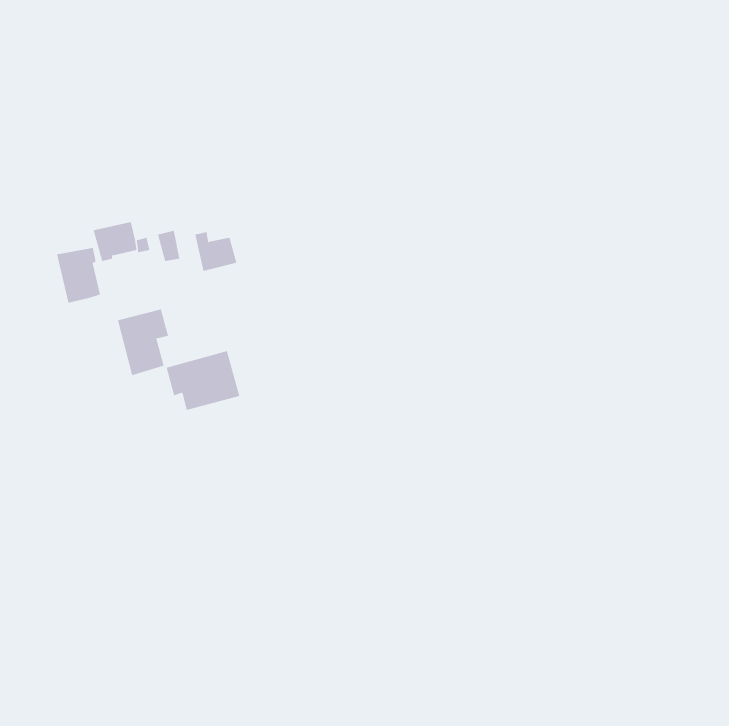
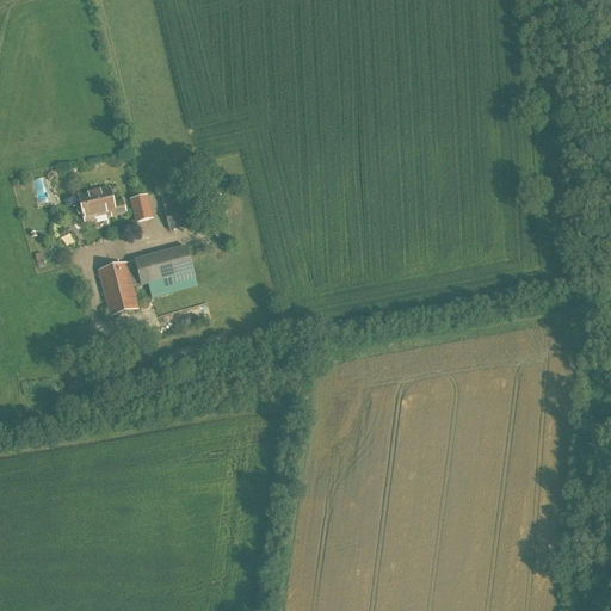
building: [56,247,100,303] -> none
building: [166,350,240,410] -> [135,243,197,294]

